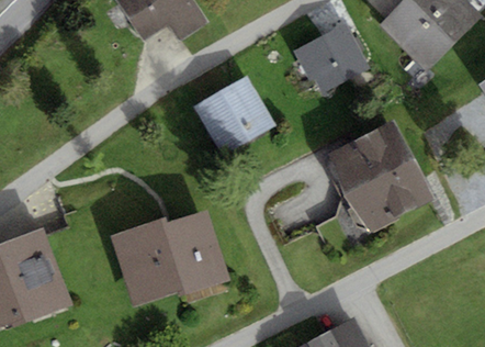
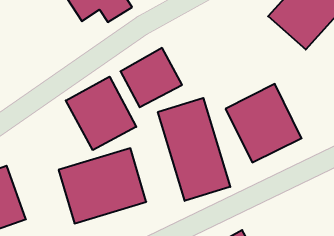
building: [296,34,369,102] -> none
building: none -> [66,77,136,150]
building: none -> [158,98,230,201]

